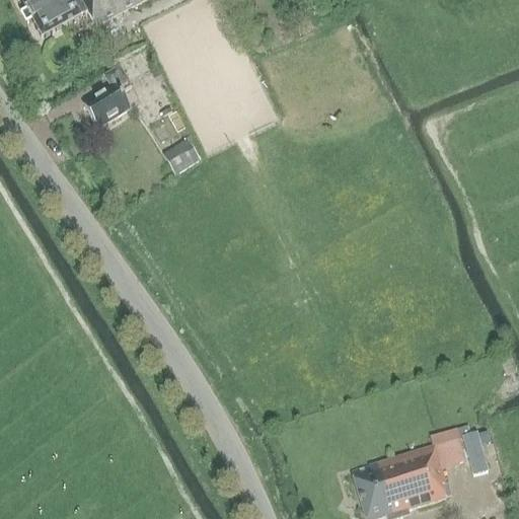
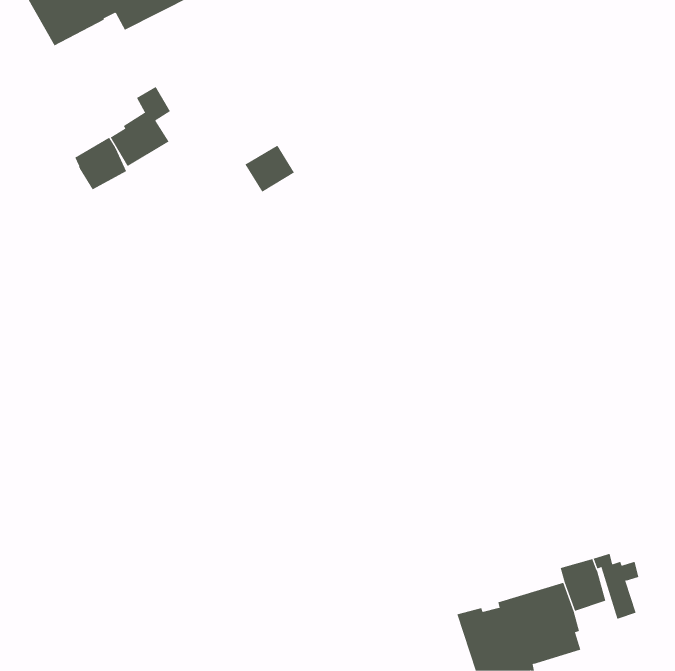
building: none -> [75,137,127,190]
building: [162,137,201,173] -> [245,145,295,192]

